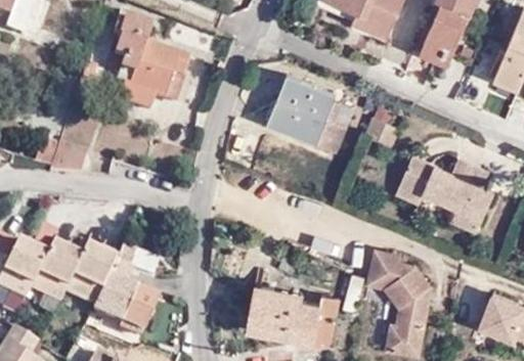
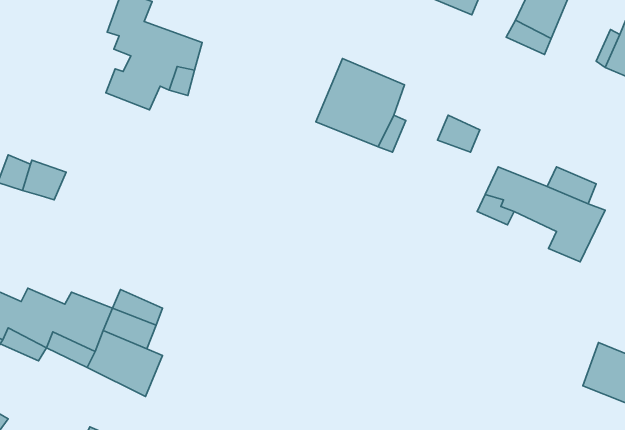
building: [365,245,429,352] -> none
building: [248,292,351,349] -> none

